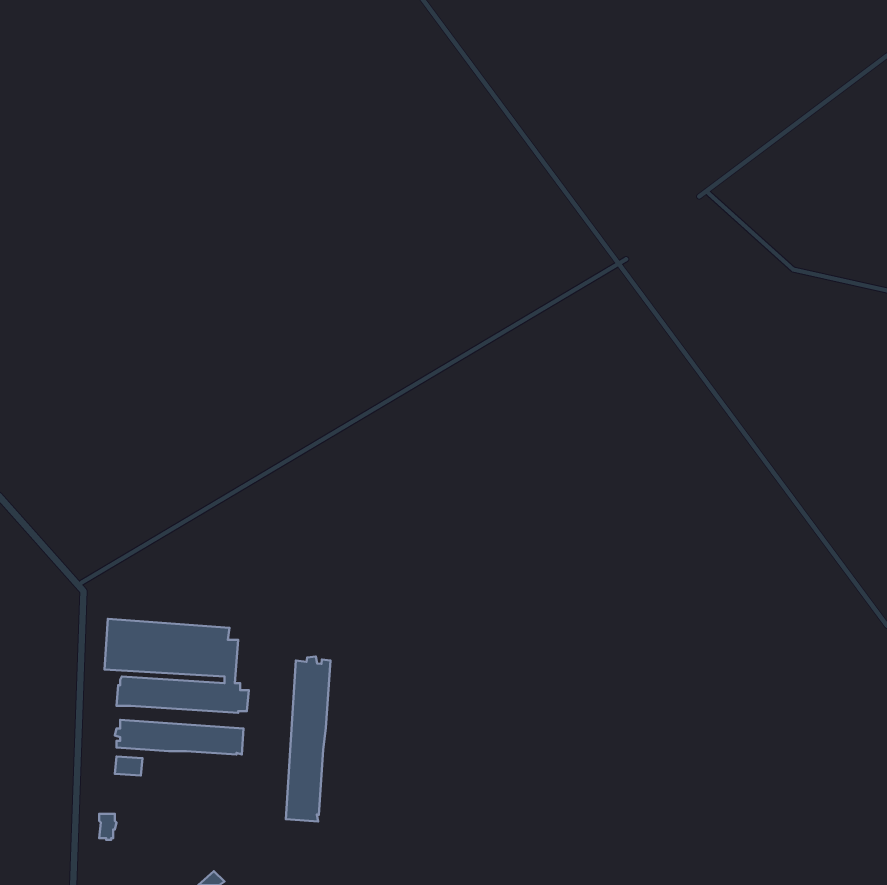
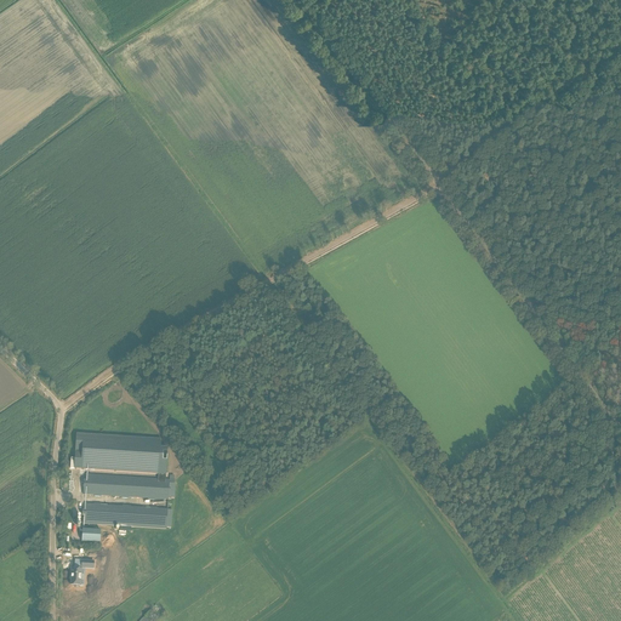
building: [286,656,330,821] -> none

